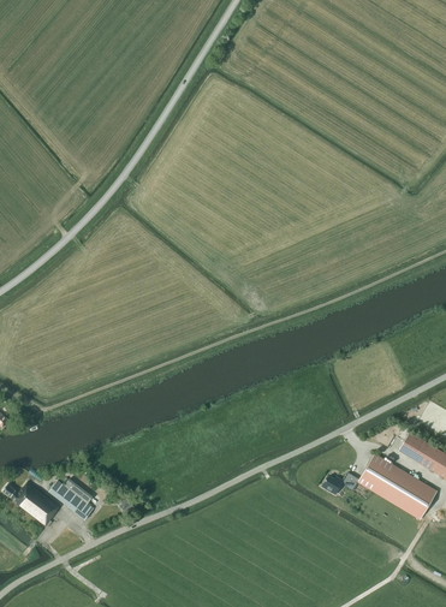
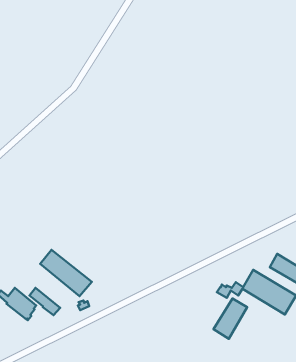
building: none -> [40,250,92,296]
building: none -> [214,299,247,339]

